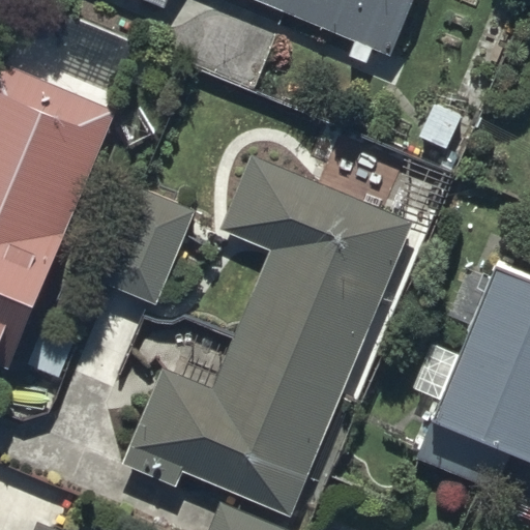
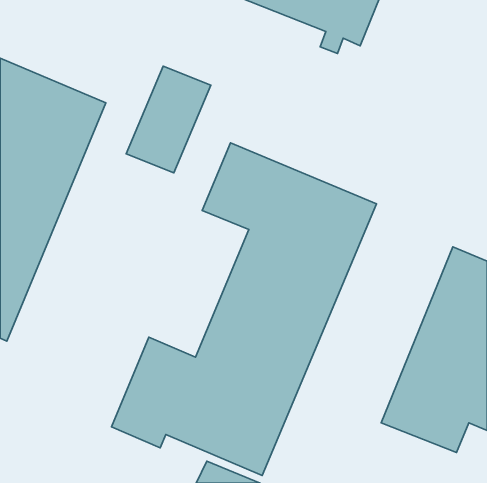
building: [105,185,197,301] -> [126,66,211,173]

